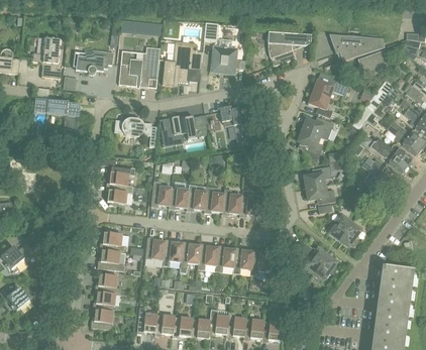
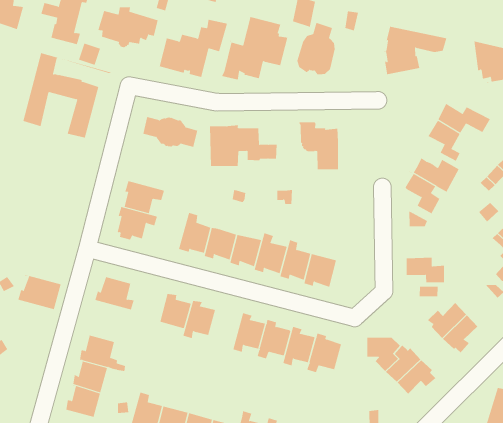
building: [303,165,331,189] -> none
building: [180,240,201,268] -> none
building: [97,249,125,270] -> [17,274,61,310]

